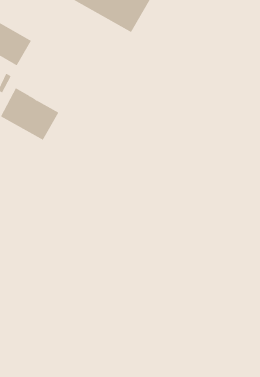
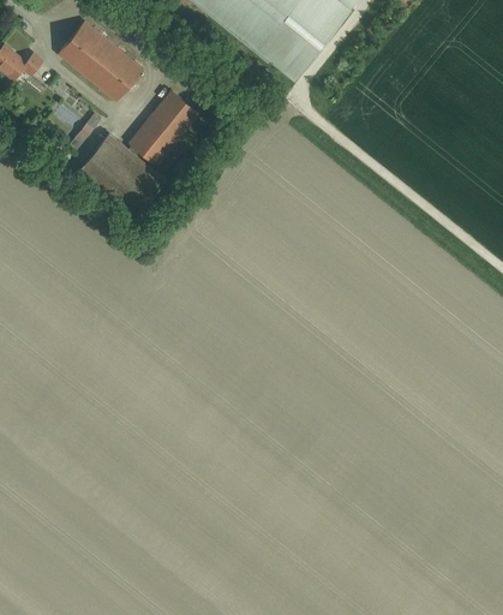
building: none -> [128,90,199,166]

